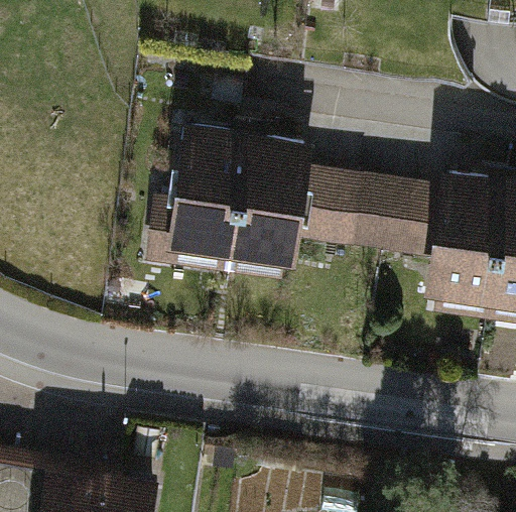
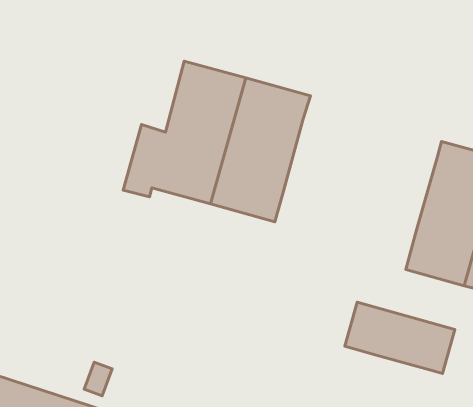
building: [298,167,442,261] -> none
building: none -> [345,302,455,373]

